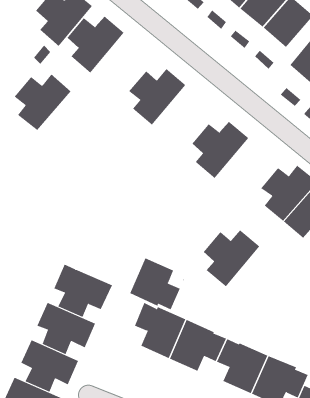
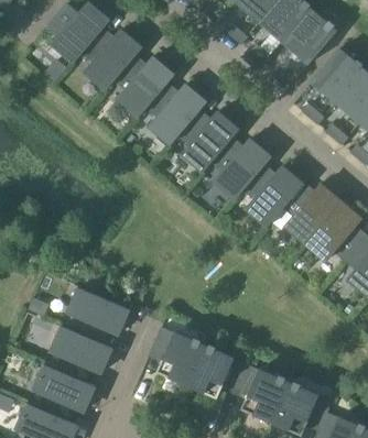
building: [7,65,71,131] -> [106,48,173,117]
building: none -> [170,102,238,172]
building: [195,220,260,287] -> [235,157,302,227]
building: [130,258,185,310] -> none

